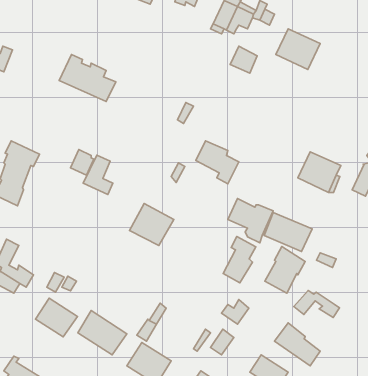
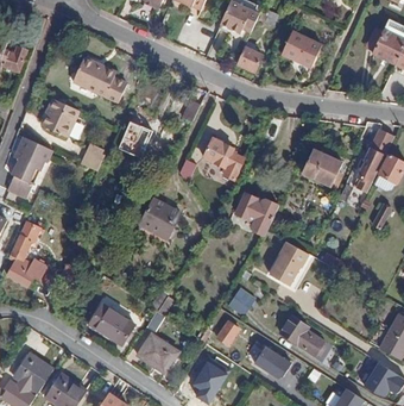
building: none -> [44,96,80,136]
building: [83,155,113,194] -> [116,119,145,157]
building: [264,212,312,252] -> none
building: [223,236,256,283] -> none
building: [294,290,340,317] -> none
building: [35,298,78,337] -> none

